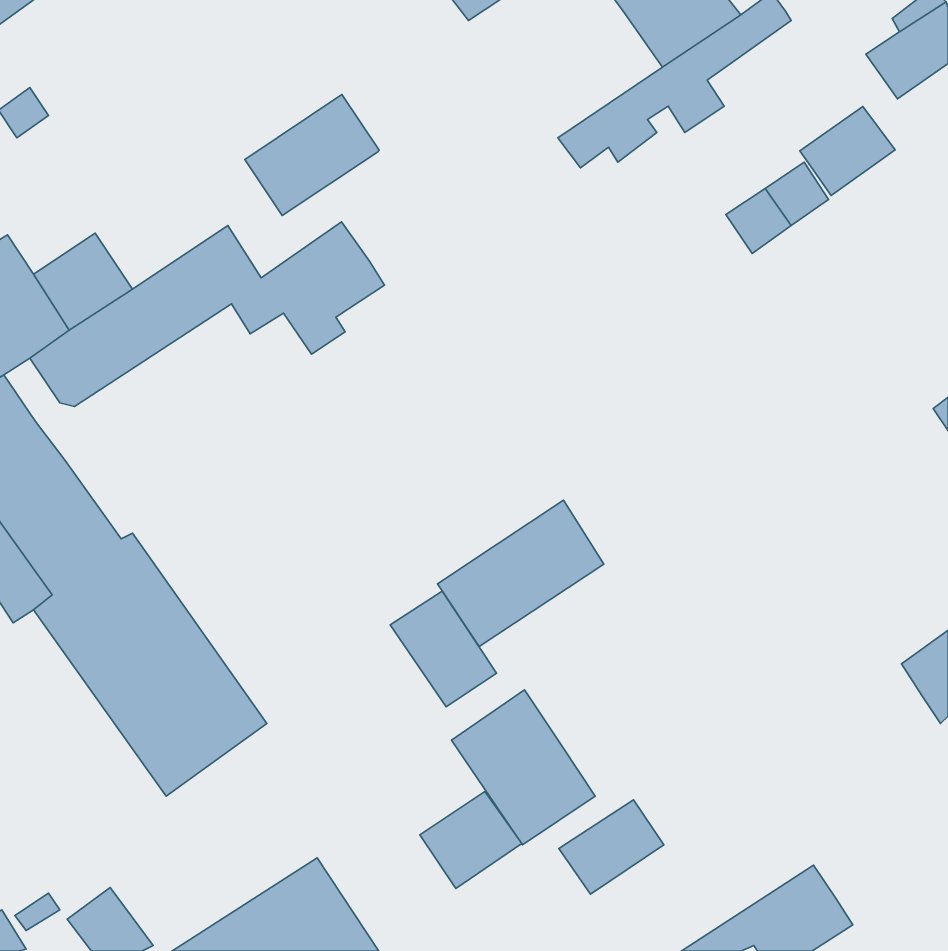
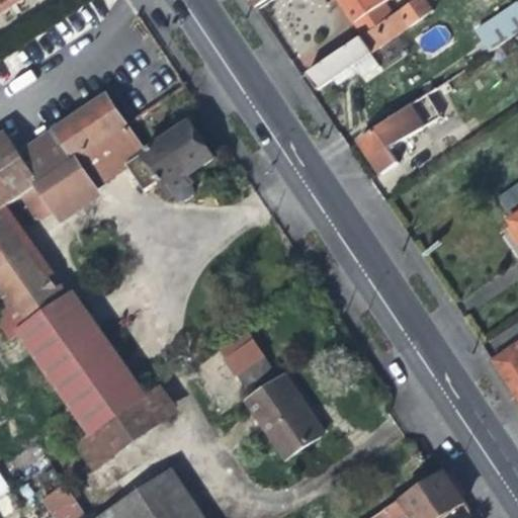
building: [245,94,379,216] -> [52,91,124,157]
building: [800,107,895,196] -> none
building: none -> [354,116,408,177]
building: [438,500,604,646] -> none
building: none -> [74,380,180,471]
building: [420,791,522,889] -> none
building: [559,800,664,894] -> none

